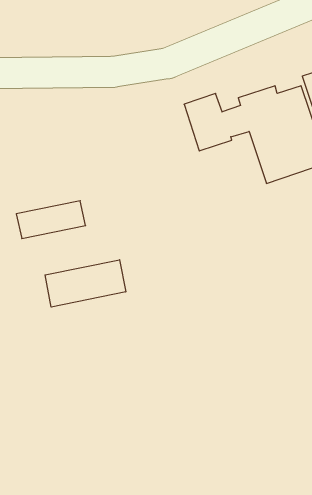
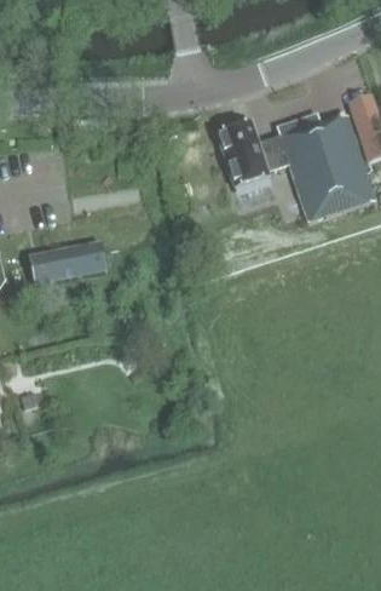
building: [45,260,126,307] -> none

